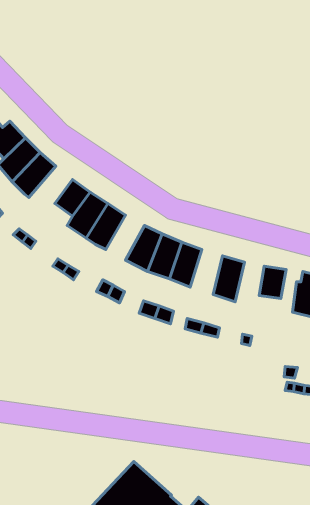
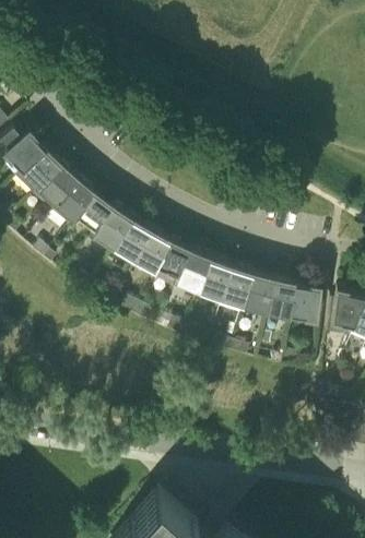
building: none -> [49,177,95,225]
building: none -> [130,228,170,275]
building: none -> [219,264,252,311]
building: none -> [266,277,296,323]

